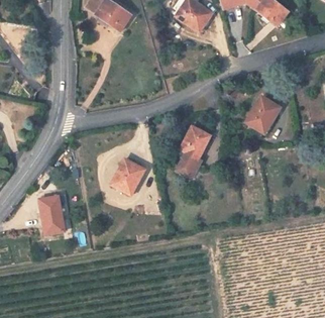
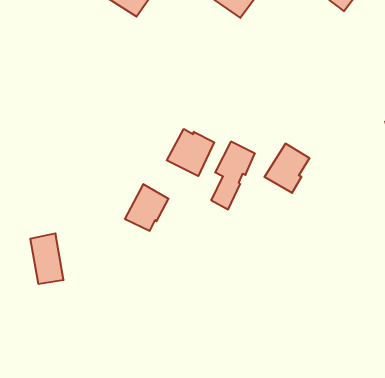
building: [244,97,279,134] -> [264,144,310,193]
building: none -> [167,129,214,176]

